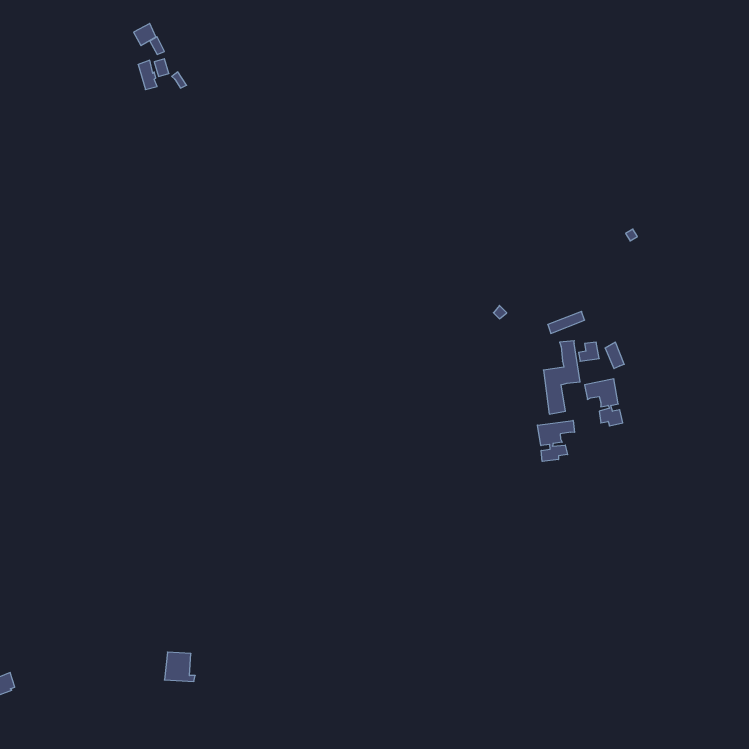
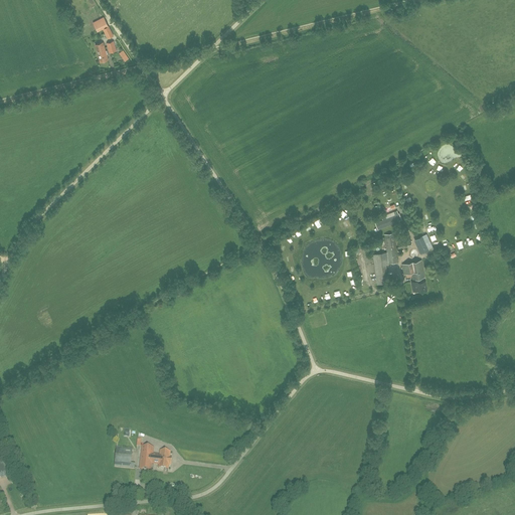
building: [537,420,575,461] -> none
building: none -> [139,446,170,469]

